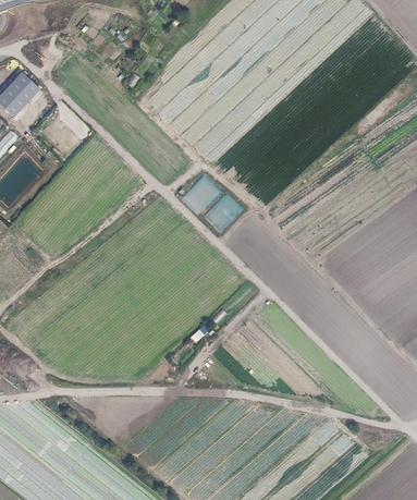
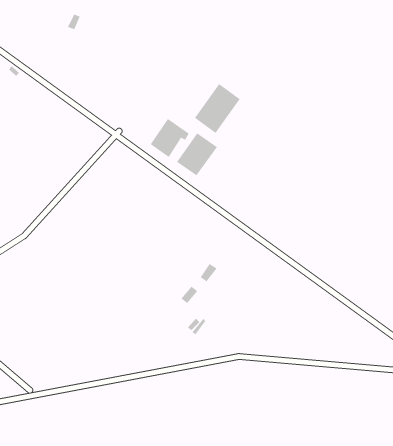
building: none -> [194,83,240,134]

